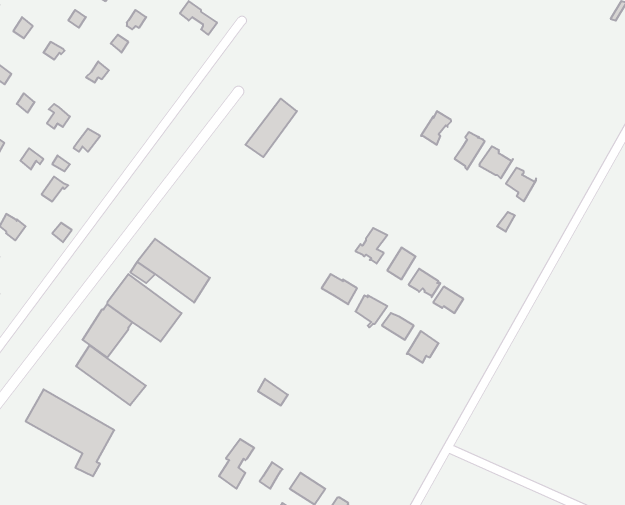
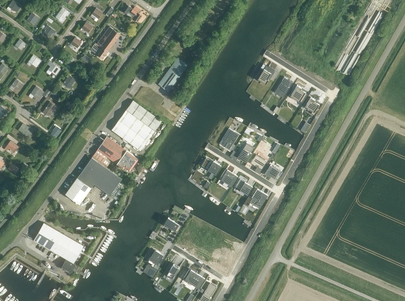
building: none -> [91,27,119,59]
building: none -> [111,101,161,152]
building: [76,345,146,405] -> none

